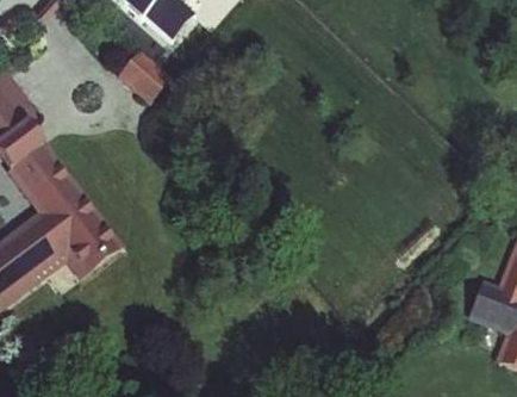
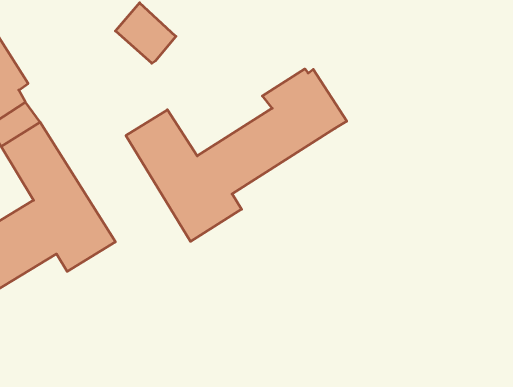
building: none -> [126,69,347,241]

